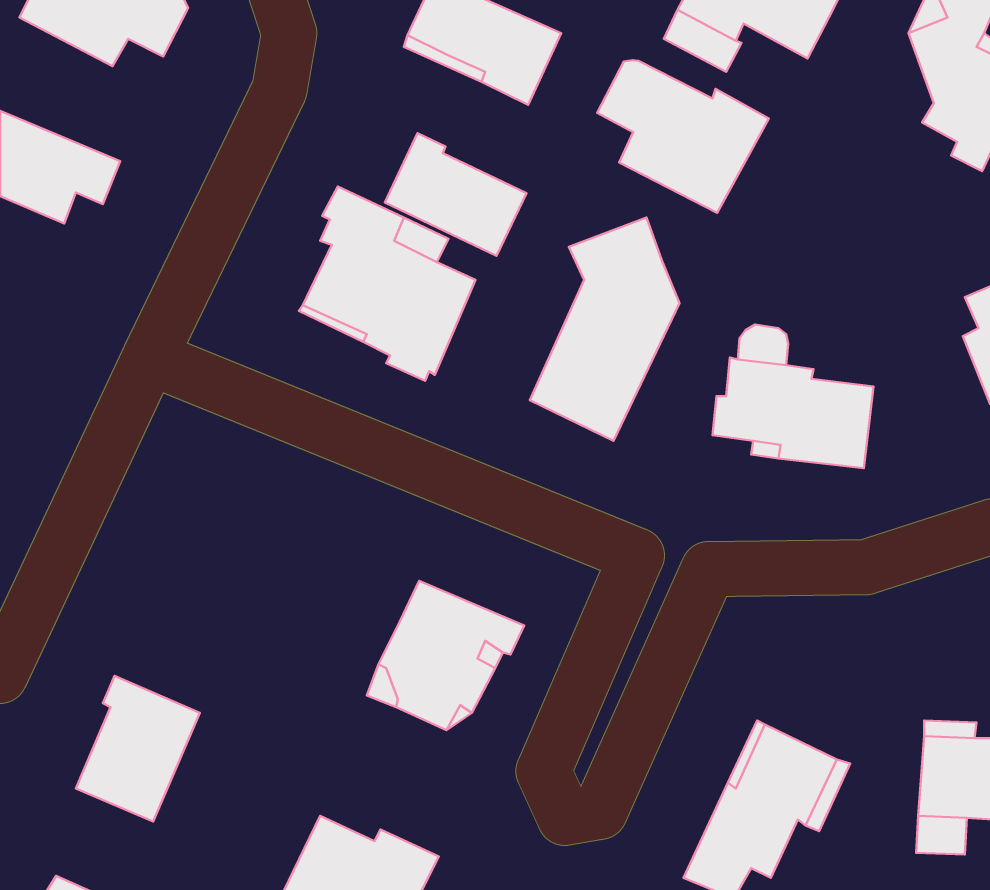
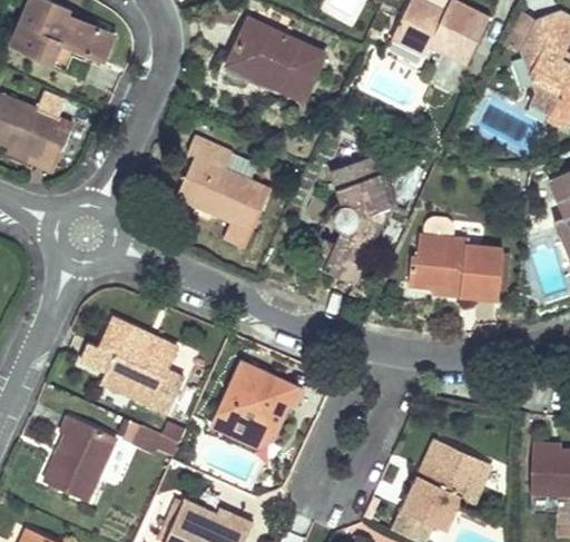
building: [597,60,769,213] -> none
building: [385,133,527,256] -> none
building: none -> [80,321,183,412]
building: none -> [125,418,179,456]

